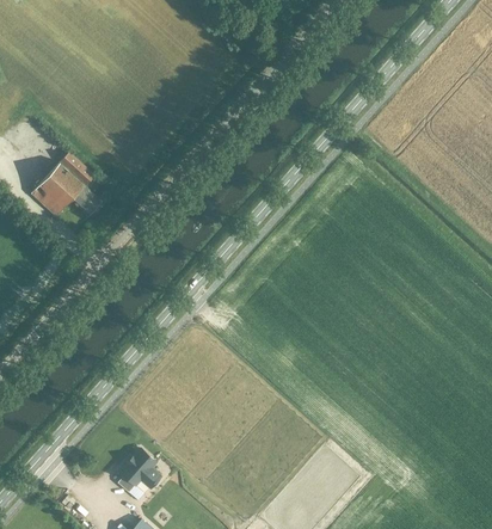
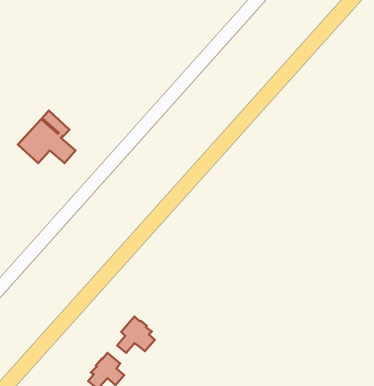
building: none -> [117,316,155,353]

